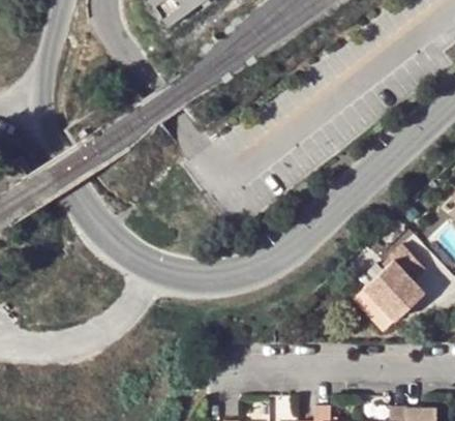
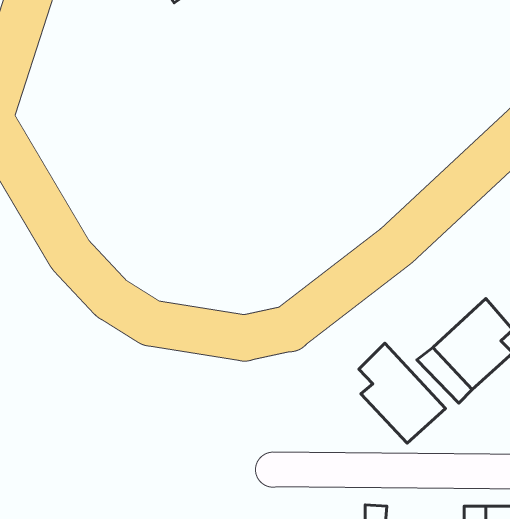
building: none -> [359,343,445,443]

